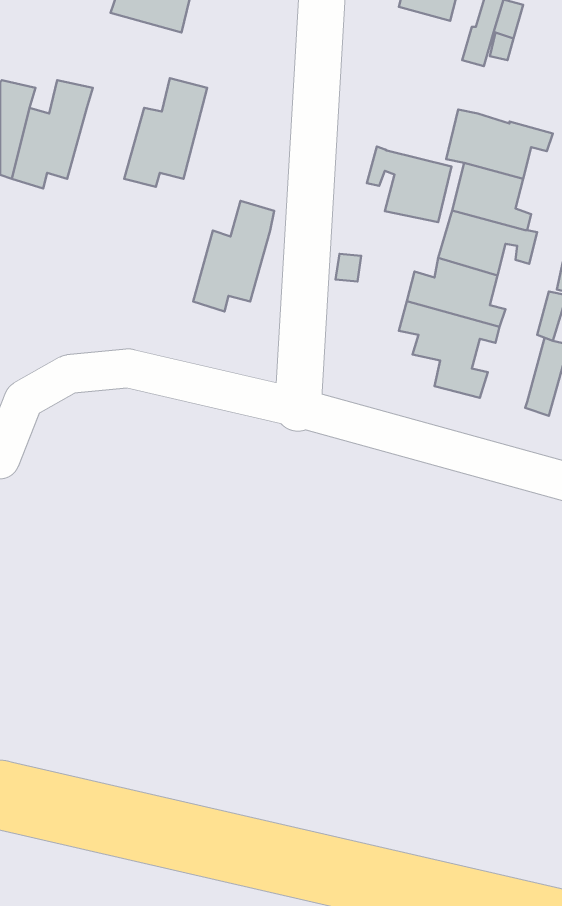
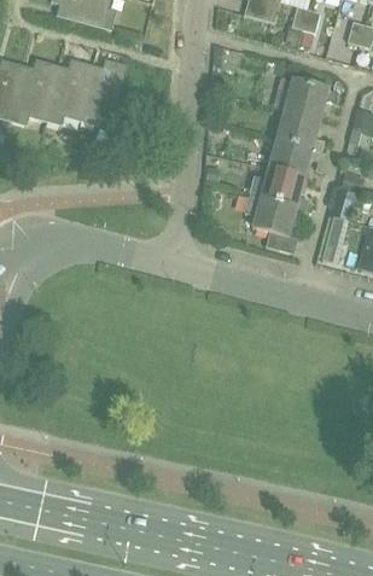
building: [367,147,452,222] -> none
building: [193,201,274,312] -> [41,57,91,124]

